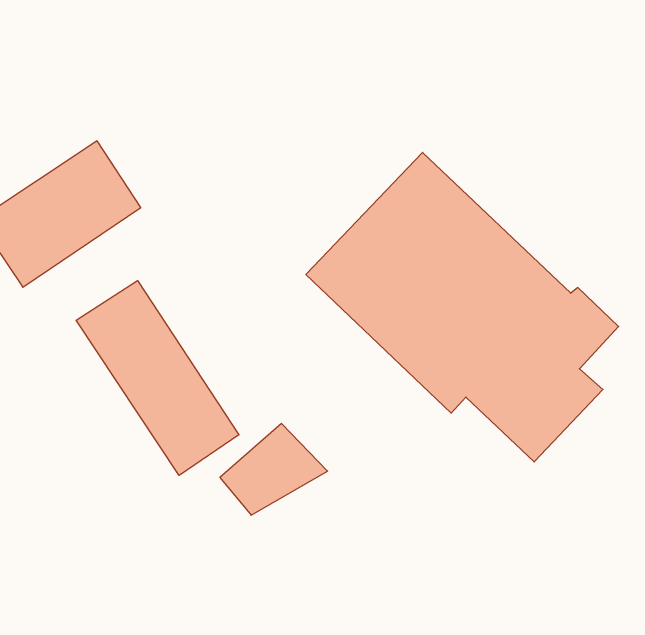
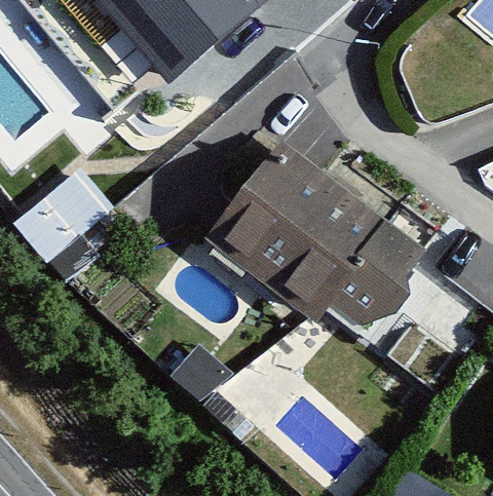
building: [76,281,239,475] -> none

